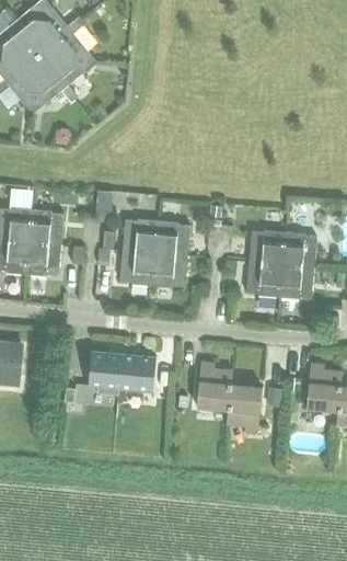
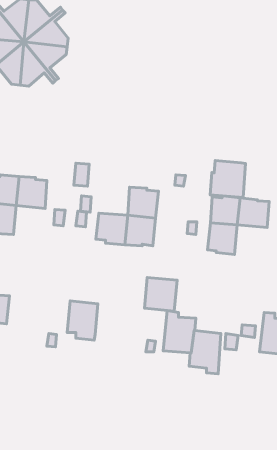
building: none -> [210,160,246,197]
building: [123,218,158,252] -> none
building: [25,241,61,276] -> none
building: [277,263,314,299] -> none
building: [118,353,155,391] -> [144,277,177,311]

